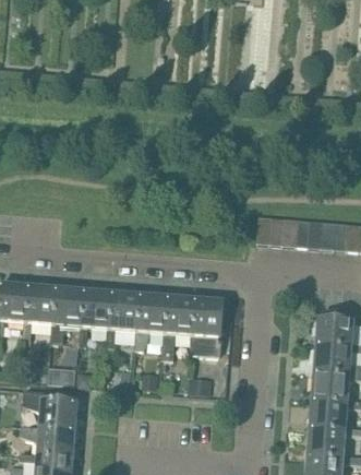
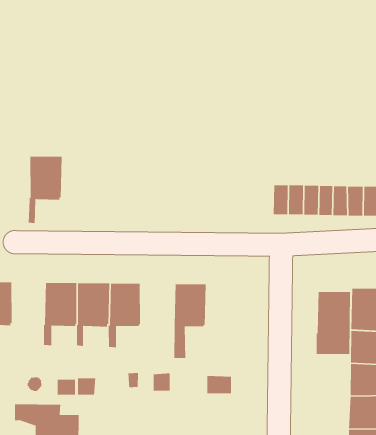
building: [22,285,56,344] -> [28,156,63,224]
building: [133,294,167,349] -> none
building: [189,298,222,355] -> [316,291,351,355]

